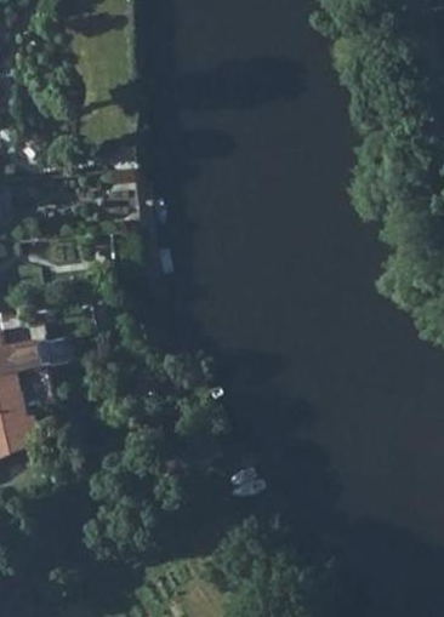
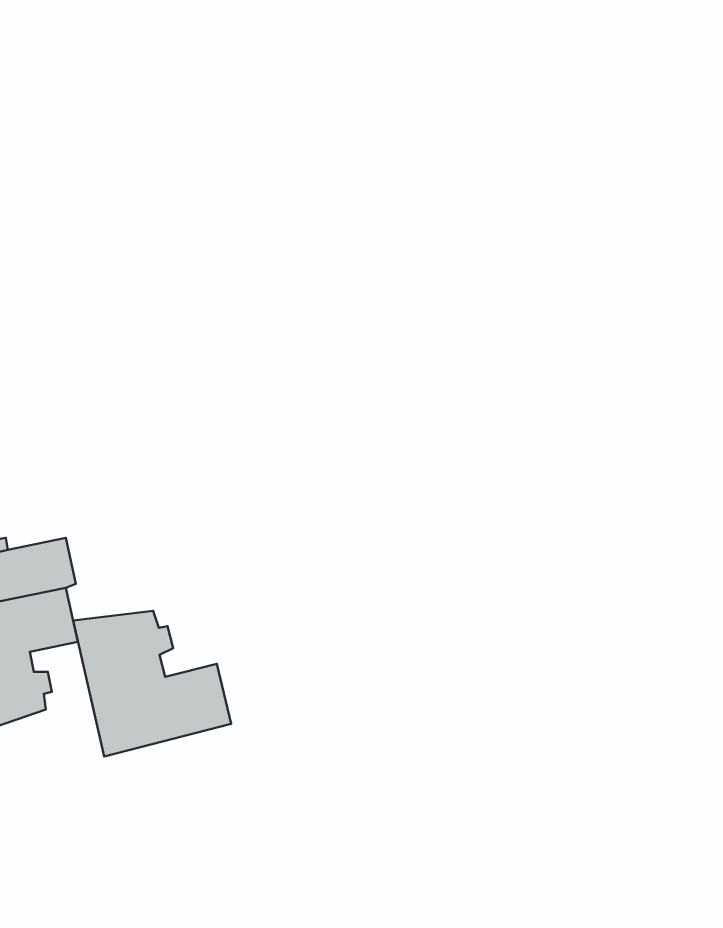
building: none -> [73,611,231,757]

